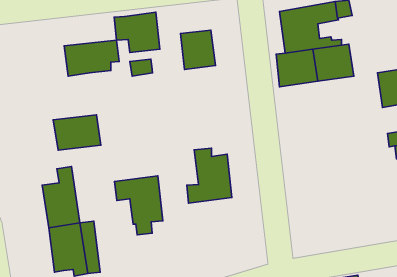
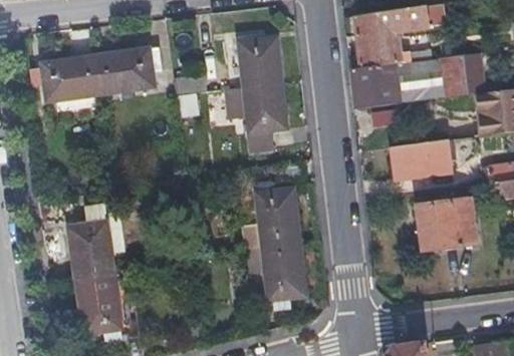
building: [114,12,160,52] -> [229,82,285,131]
building: none -> [444,50,490,95]
building: none -> [394,137,455,177]
building: [53,115,101,150] -> [41,58,99,101]
building: none -> [415,198,477,250]
building: [114,176,163,235] -> [247,244,306,316]

